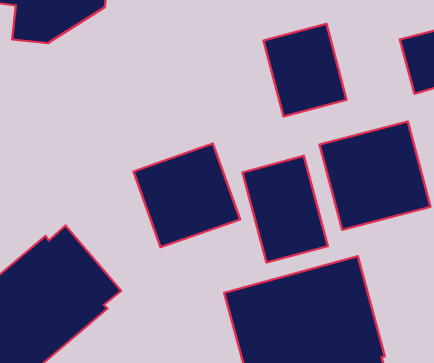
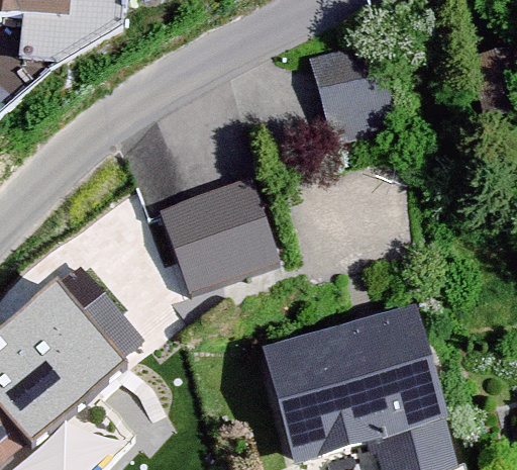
building: [320,121,430,230] -> none
building: [242,156,328,263] -> none

